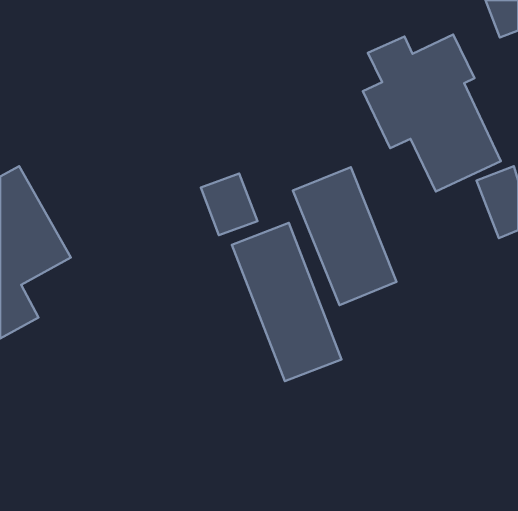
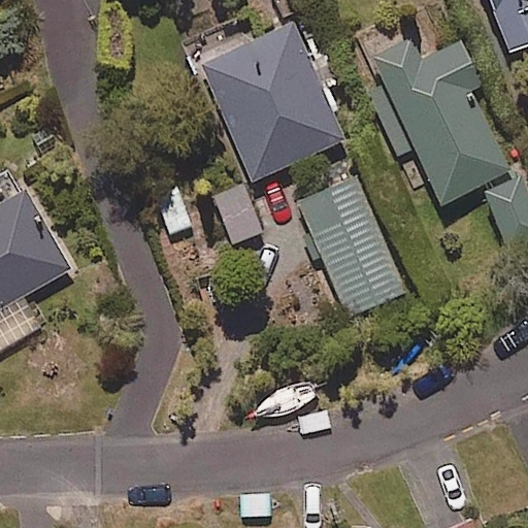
building: none -> [201,21,343,179]
building: [232,223,341,381] -> none

